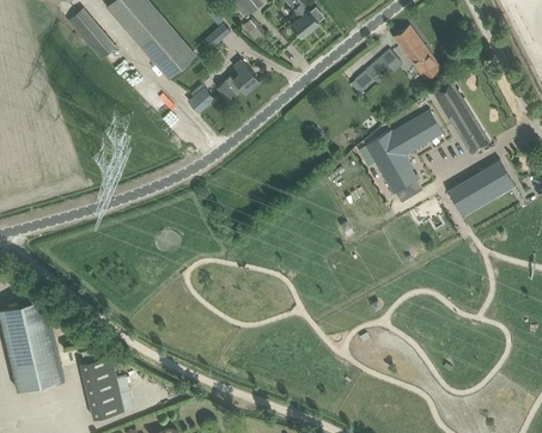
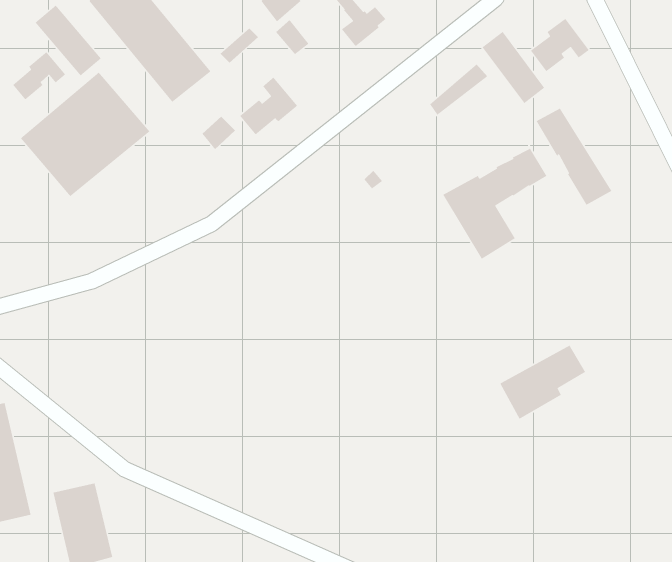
building: none -> [530,18,590,72]
building: none -> [12,51,66,101]
building: none -> [20,71,150,197]
building: [444,154,507,209] -> [500,344,586,420]

